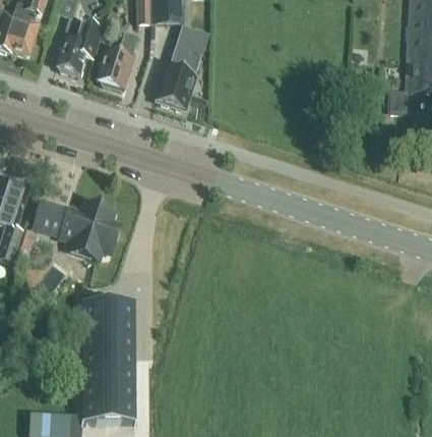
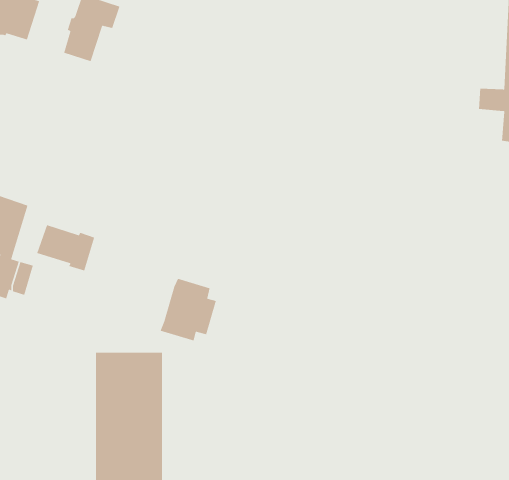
building: [97,30,137,87] -> none
building: [156,32,205,108] -> none
building: [70,205,116,256] -> [160,278,217,341]

